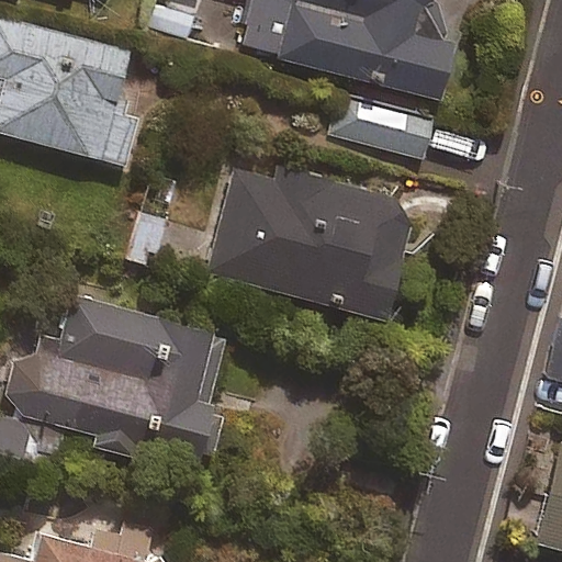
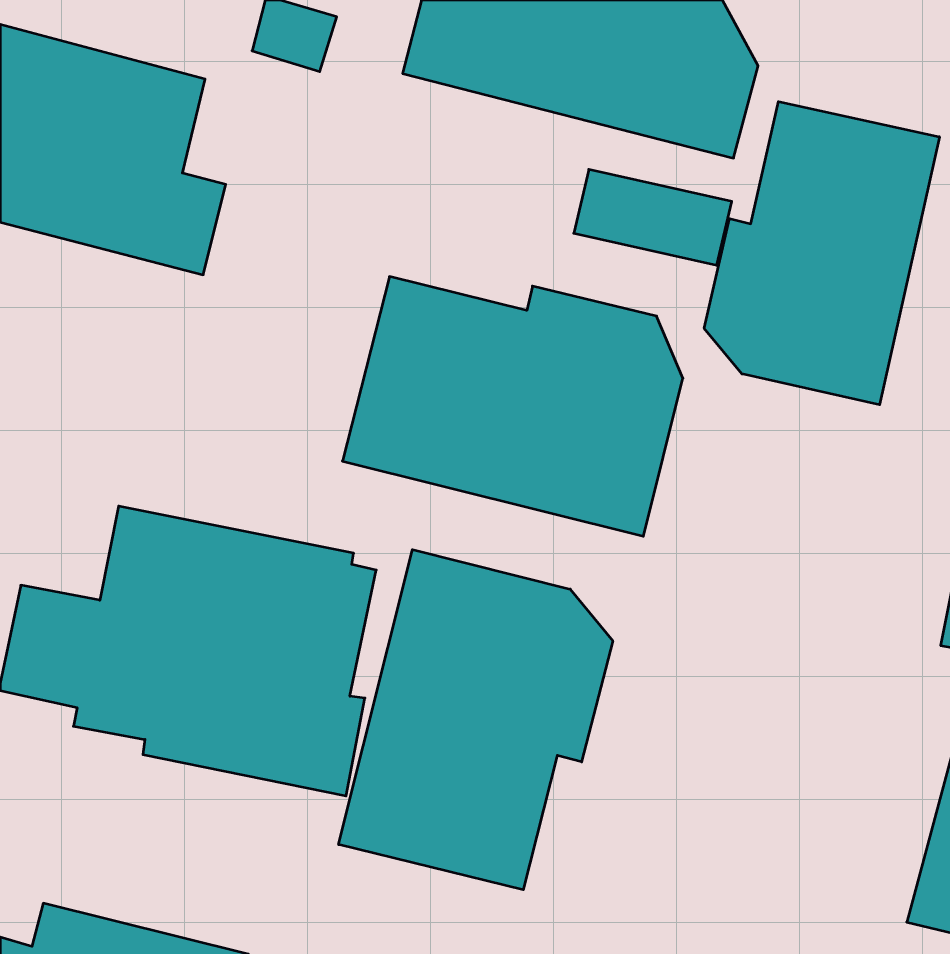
building: none -> [704,102,939,405]
building: none -> [339,550,613,890]

